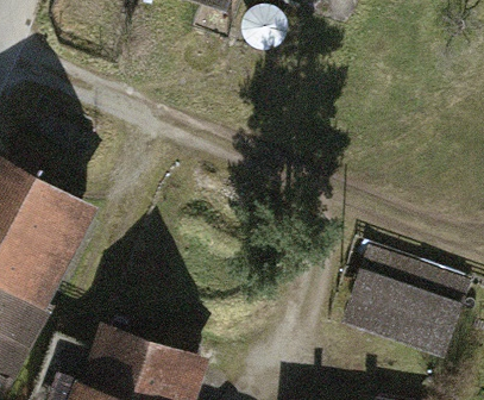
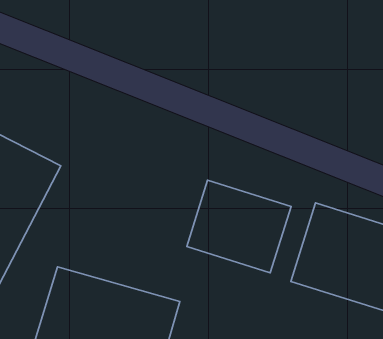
building: none -> [187,180,291,273]

